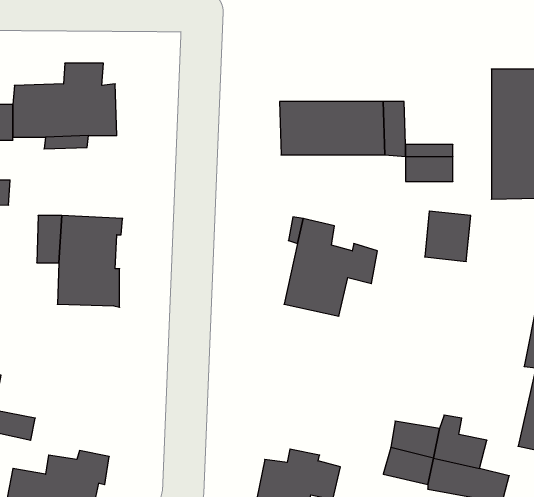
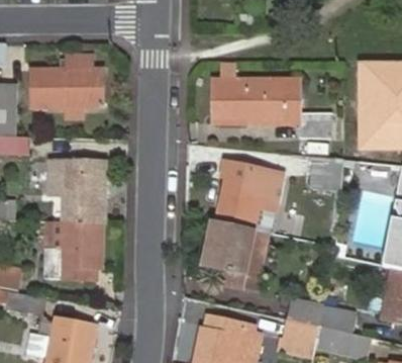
building: none -> [204,221,255,289]
building: none -> [45,222,101,280]

